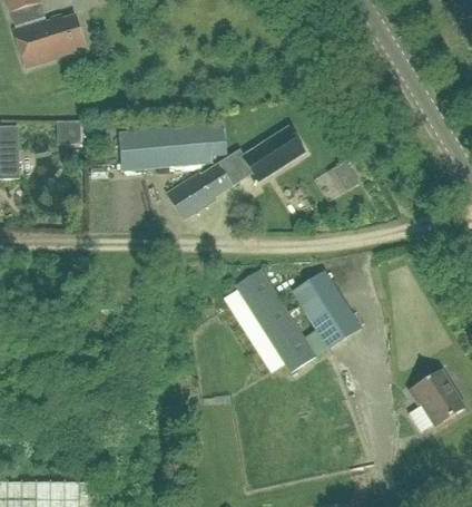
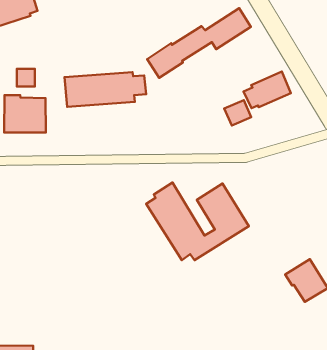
building: none -> [244,72,291,108]
building: [168,126,304,217] -> [147,8,251,78]
building: none -> [4,95,46,133]

